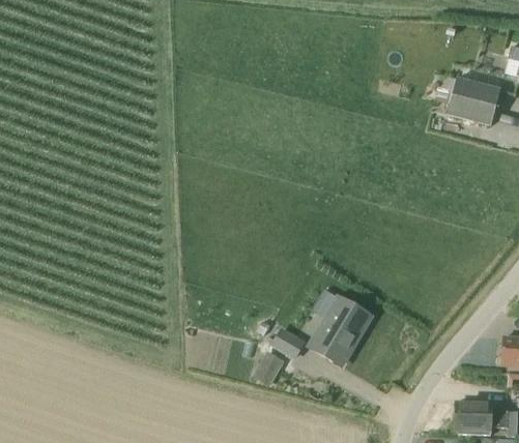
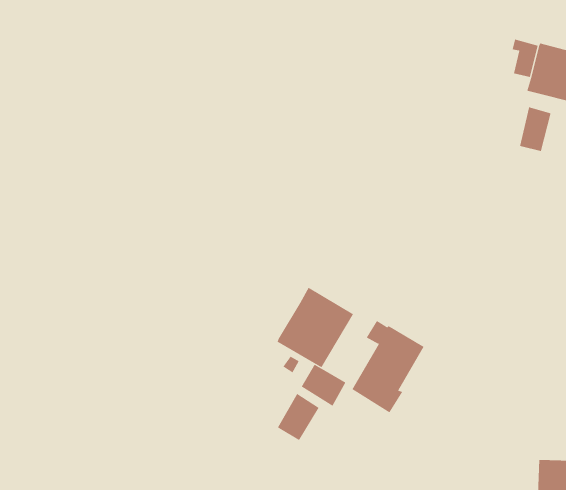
building: none -> [520,107,551,152]
building: none -> [277,287,354,368]

